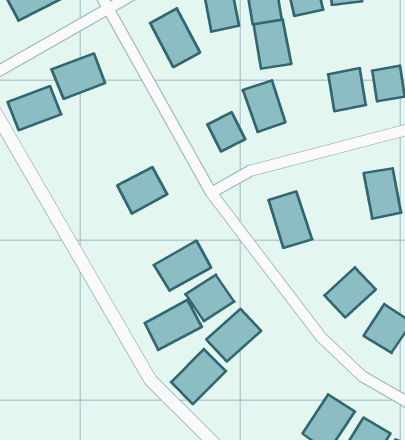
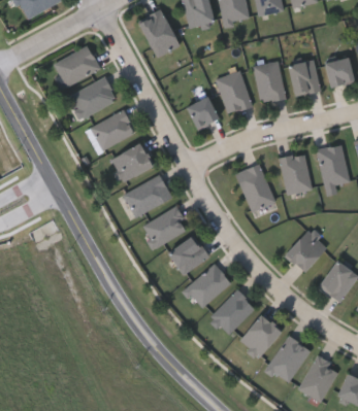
building: [254,20,291,69] -> [254,61,286,102]
building: [8,86,61,130] -> [71,79,117,116]
building: none -> [92,111,135,148]
building: none -> [280,152,313,195]
building: [145,300,202,350] -> [124,174,172,216]
building: [171,349,226,404] -> [209,288,256,335]
building: none -> [238,313,281,356]

